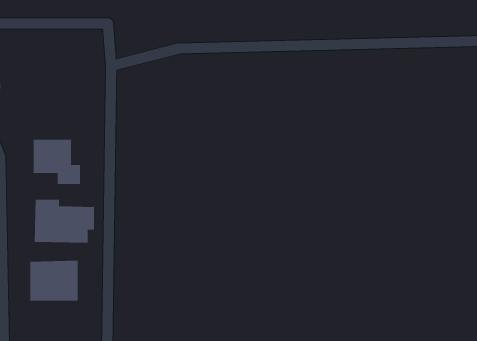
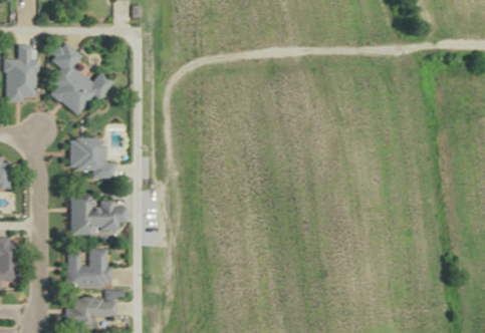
building: none -> [44,41,110,115]
building: none -> [65,297,115,320]

